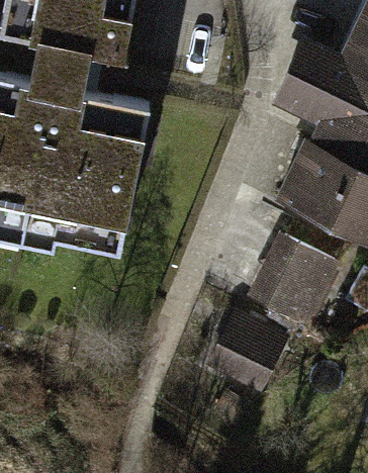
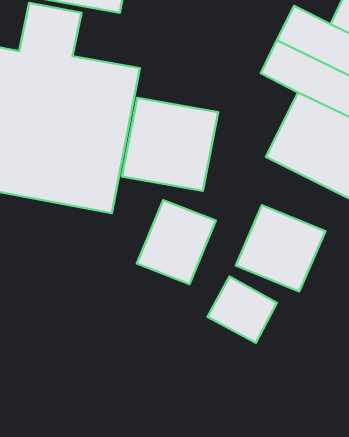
building: none -> [122,98,218,191]
building: none -> [137,200,216,284]

